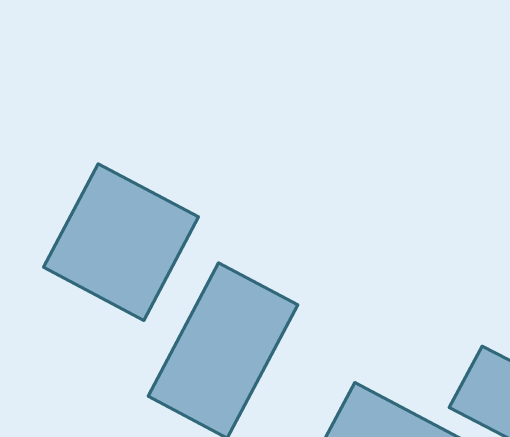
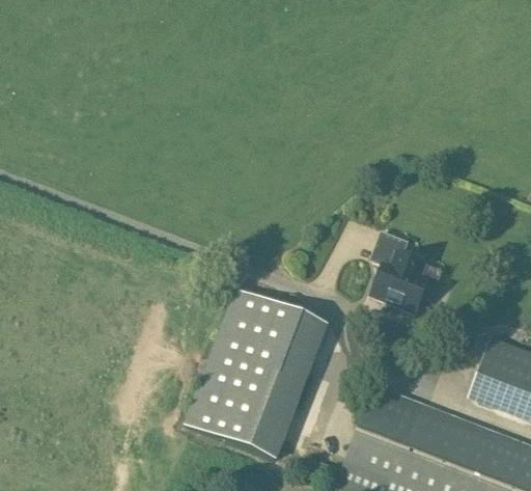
building: [43,164,198,320] -> none
building: none -> [370,231,443,312]

